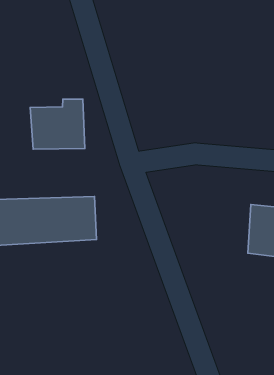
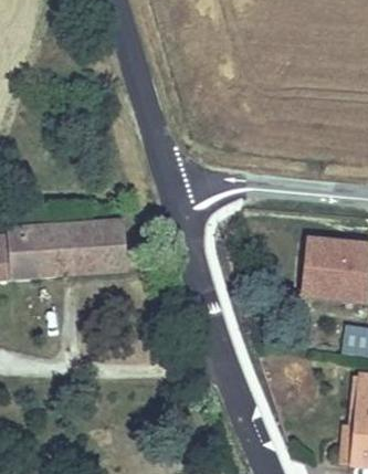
building: [30,99,85,149] -> none

